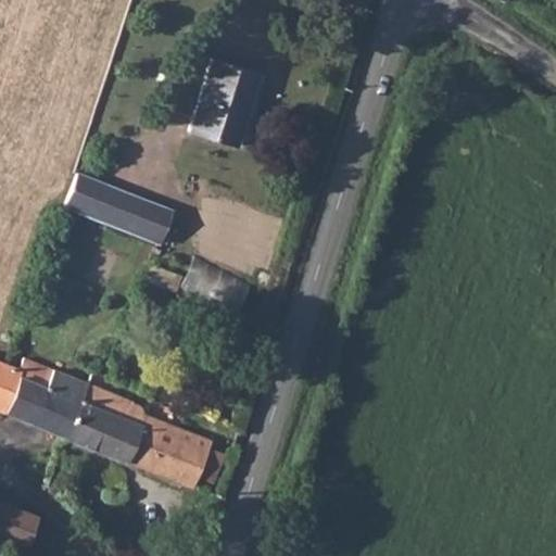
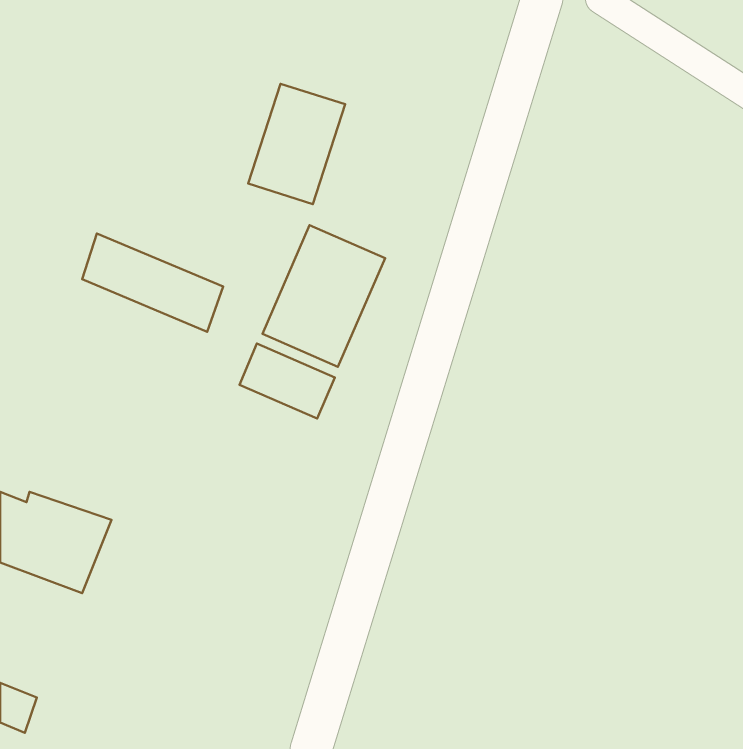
building: none -> [262,225,385,367]
building: [66,384,214,485] -> none

